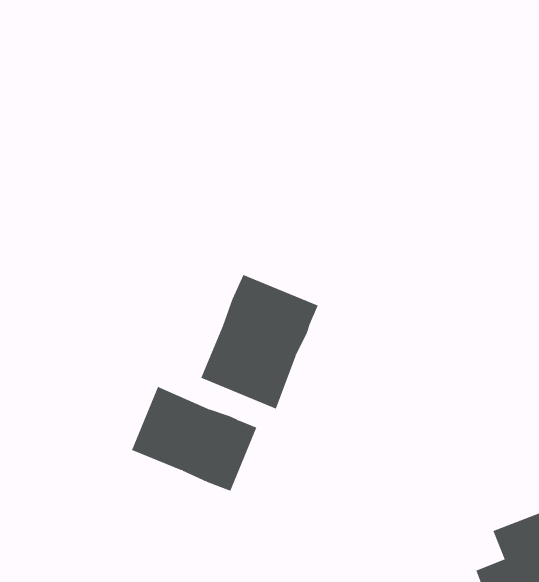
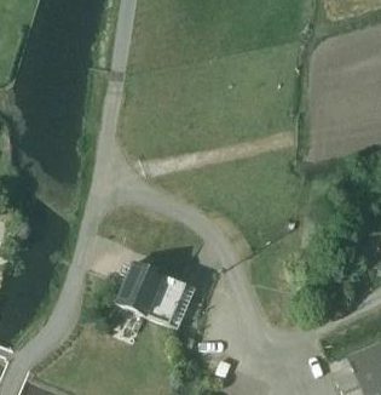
building: [200,274,319,409] -> none

